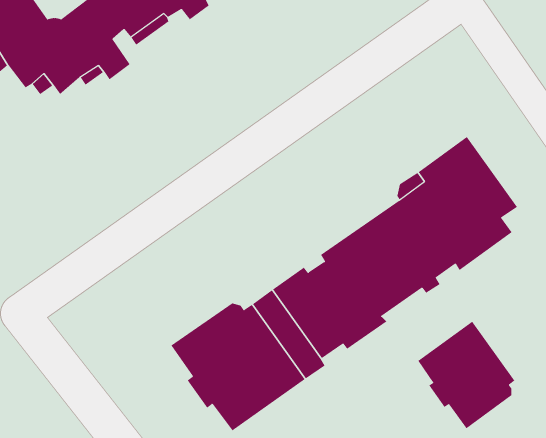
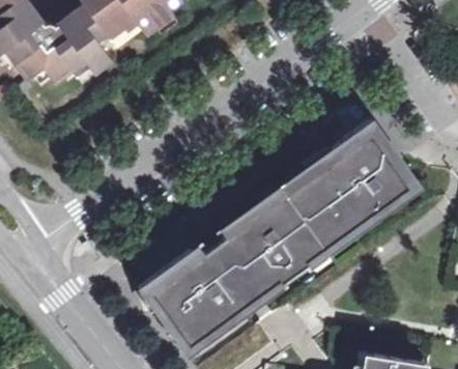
building: [417,321,515,429] -> none

